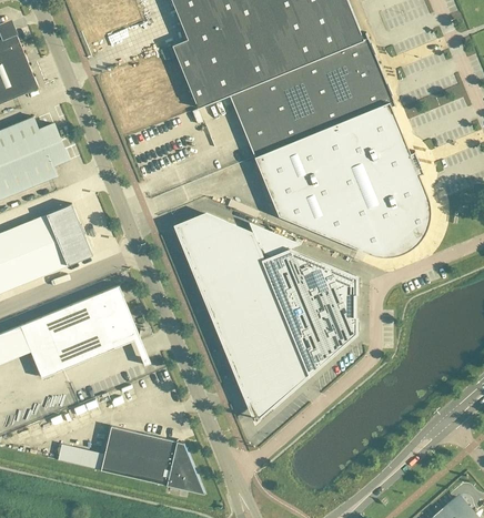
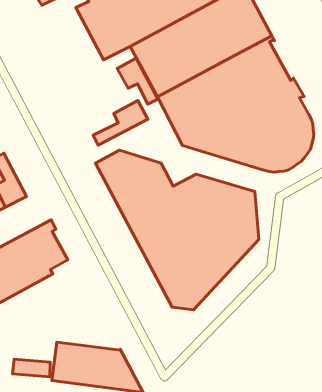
building: none -> [117,58,158,104]
building: none -> [93,101,148,145]

